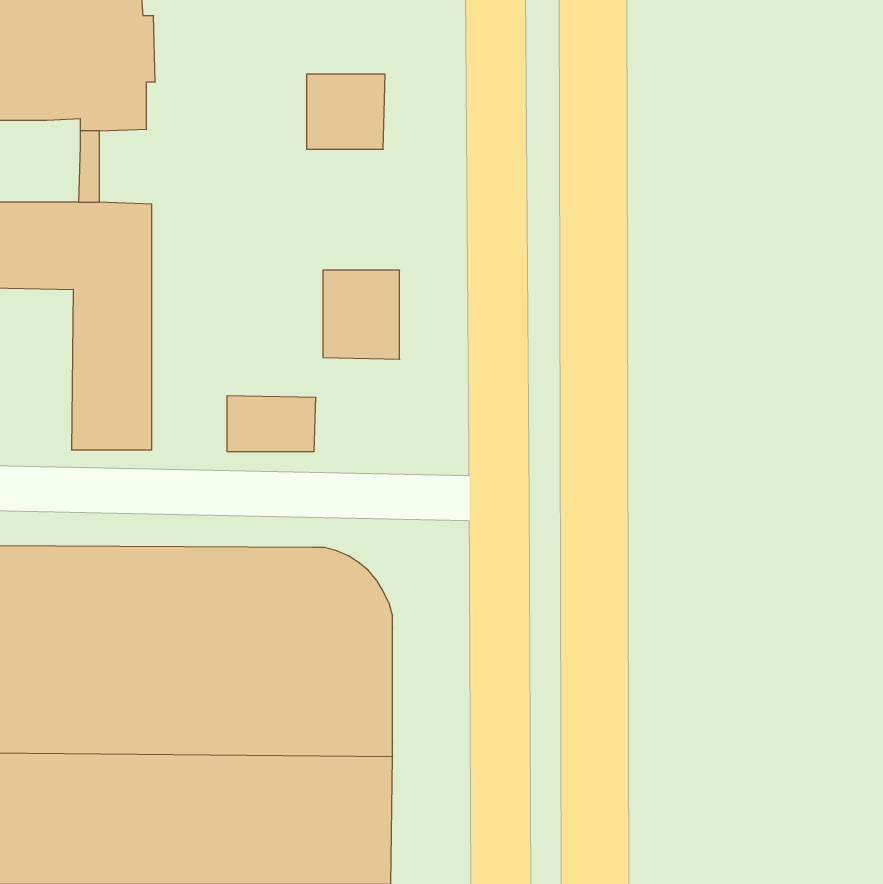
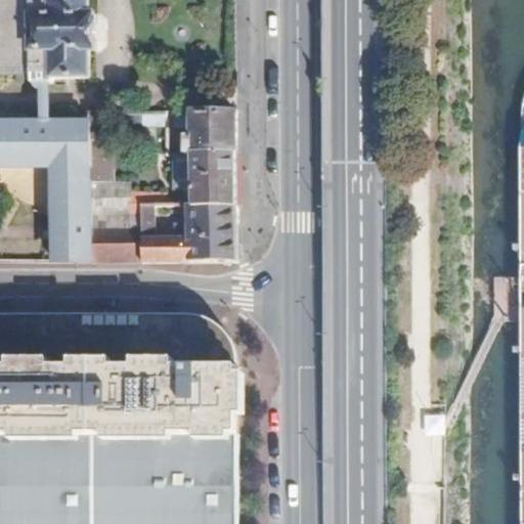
building: [307,74,385,149] -> [189,115,235,159]
building: none -> [184,210,234,266]
building: none -> [89,227,133,265]

